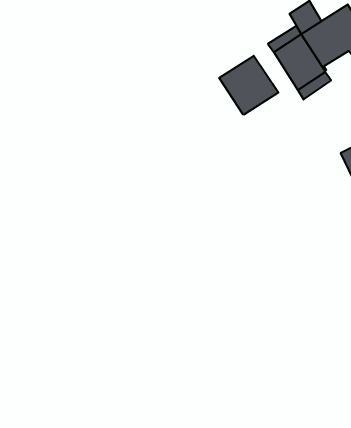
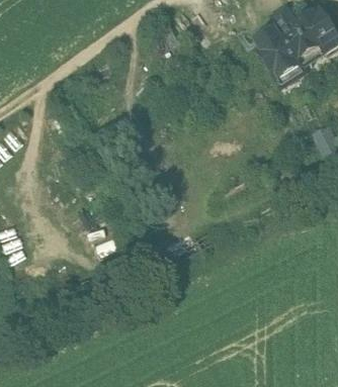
building: [219,56,278,115] -> none

